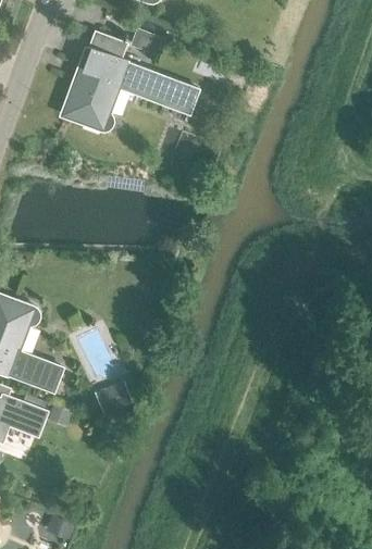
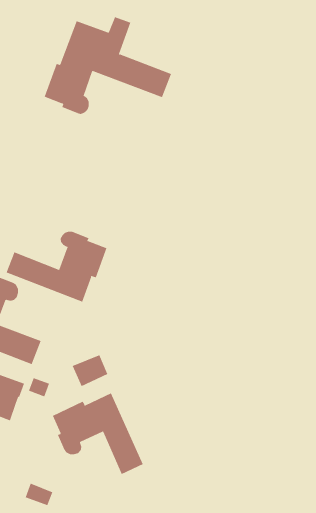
building: none -> [6,231,107,302]
building: none -> [52,392,144,475]

